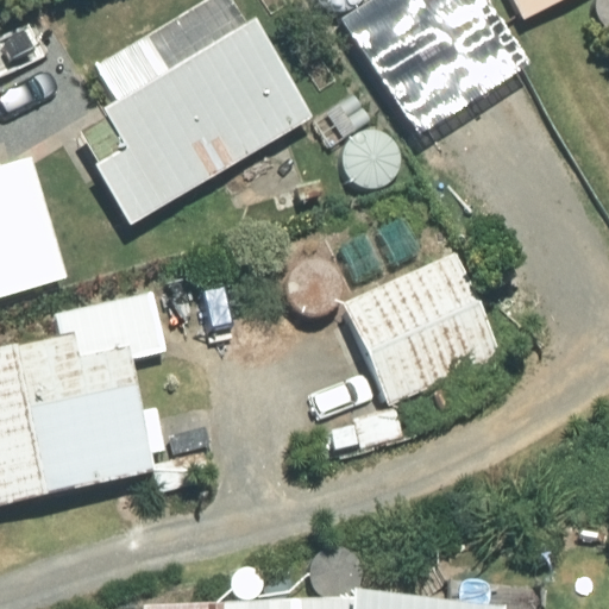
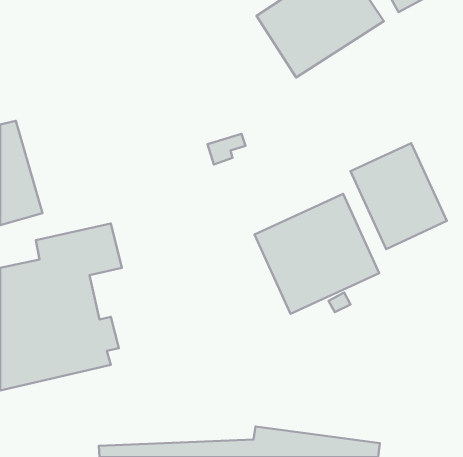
building: [89,17,313,227] -> none
building: none -> [351,143,447,249]

